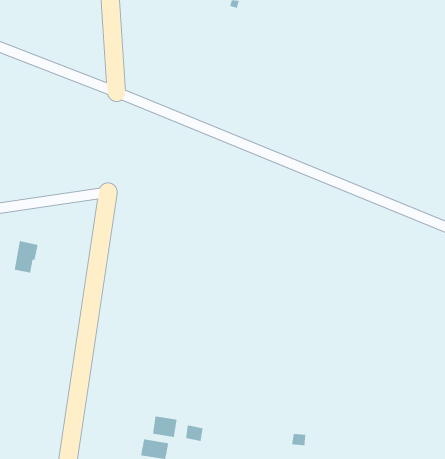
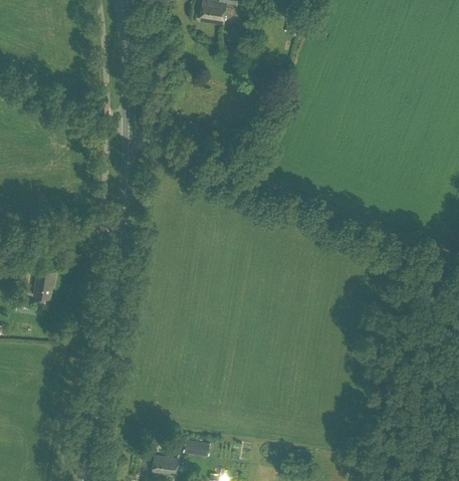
building: [152,415,177,438] -> none

